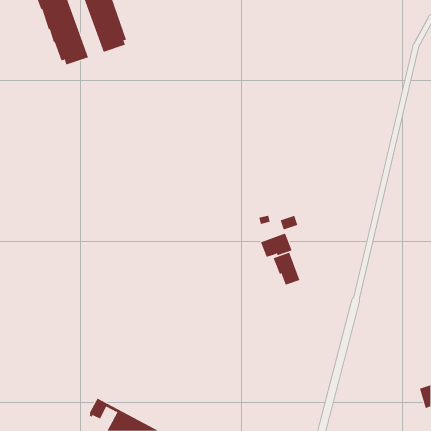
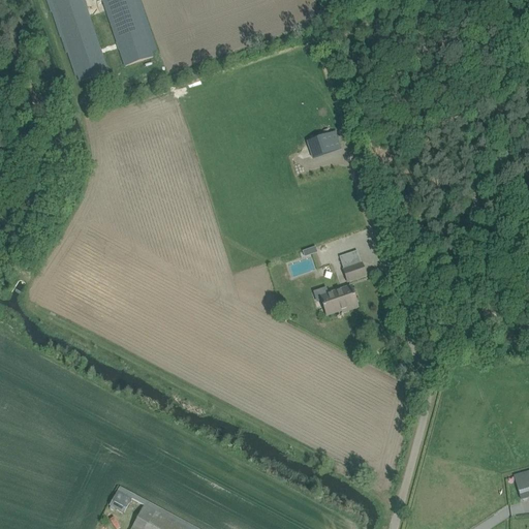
building: none -> [306,130,341,157]
building: [273,252,300,285] -> none

